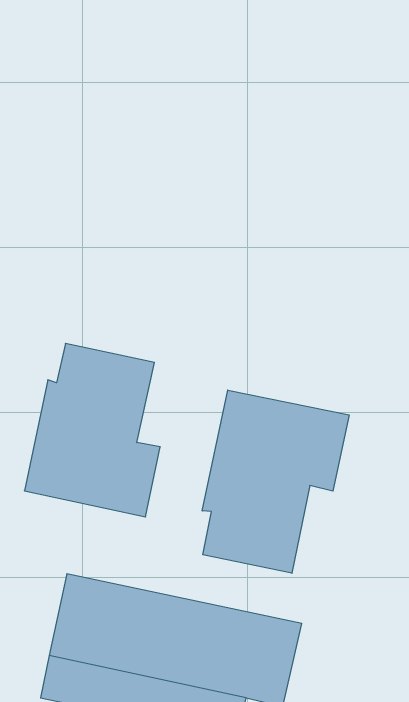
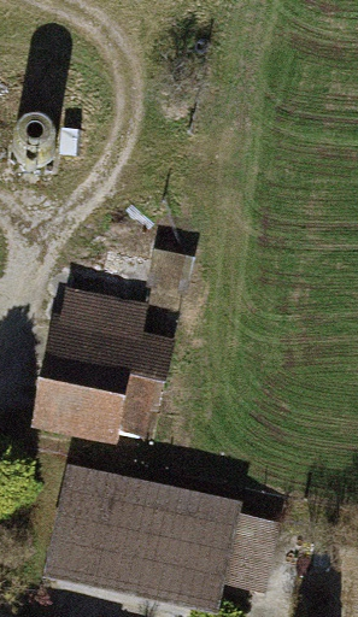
building: [202,390,349,573] -> none

